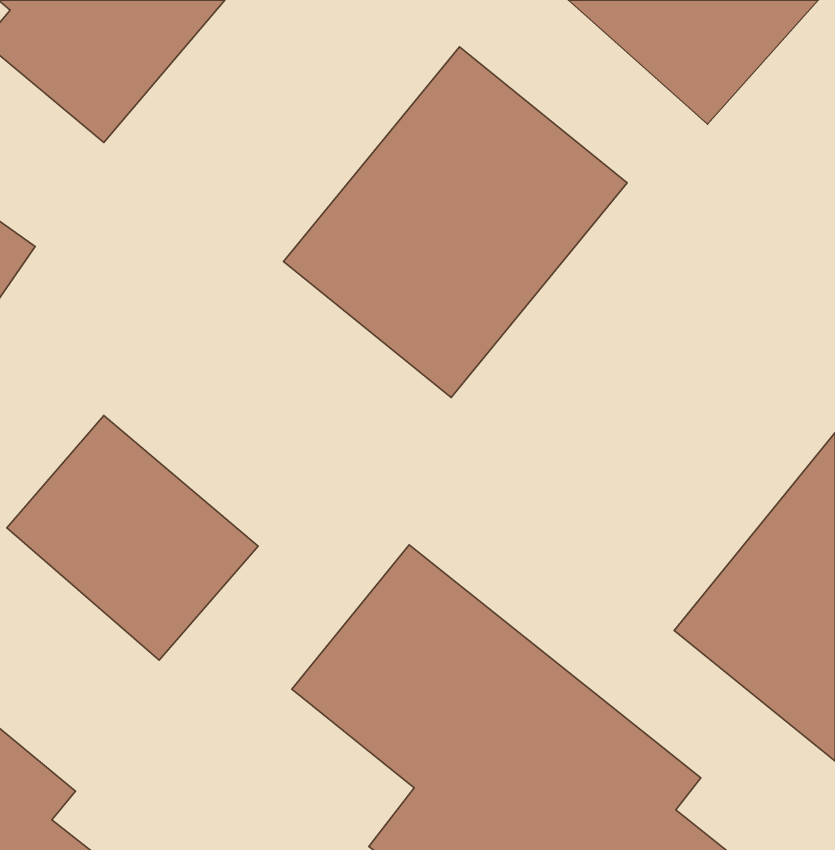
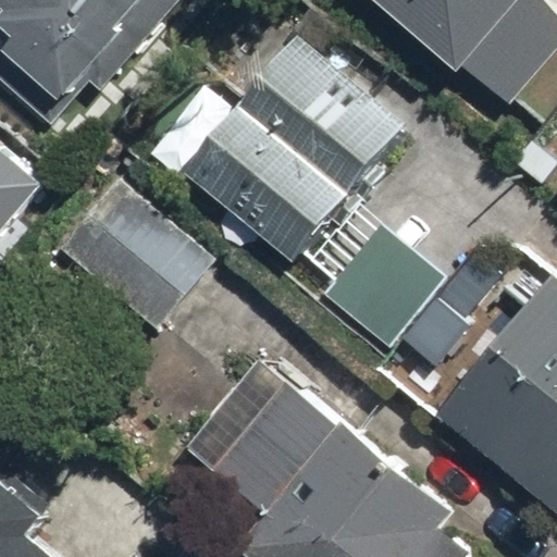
building: none -> [321,224,442,346]
building: [7,416,258,660] -> [57,170,220,329]

